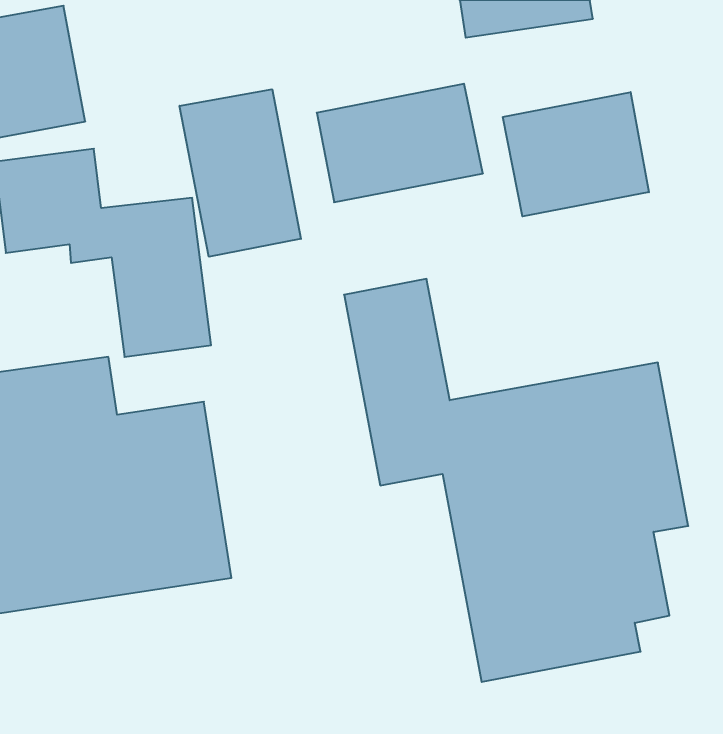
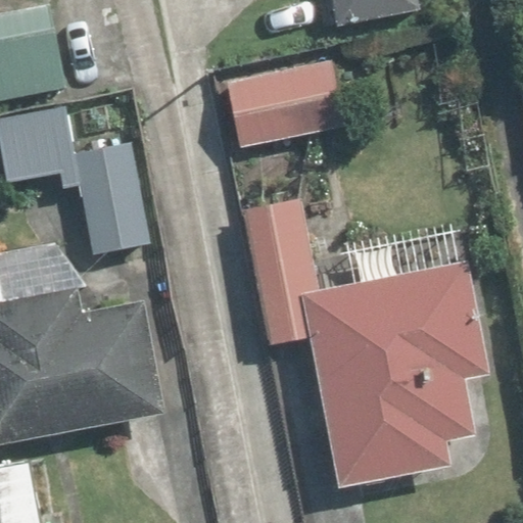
building: [180,89,301,257] -> none
building: [503,92,649,216] -> none

